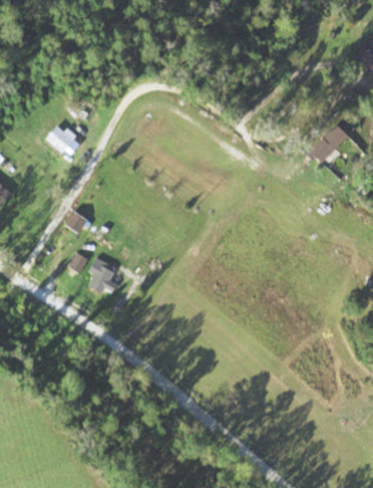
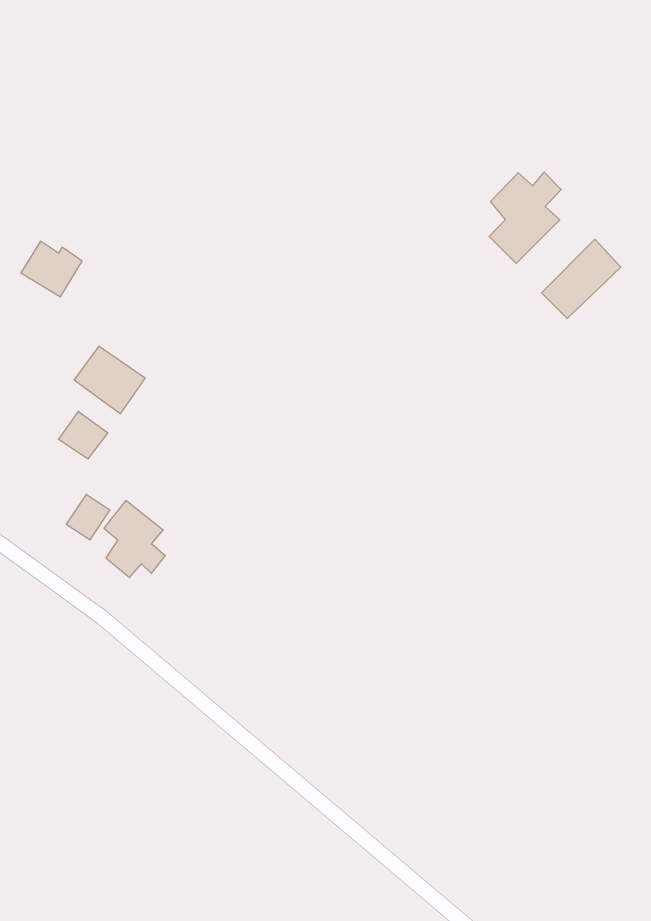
building: none -> [489,172,561,263]
building: none -> [74,346,145,414]

